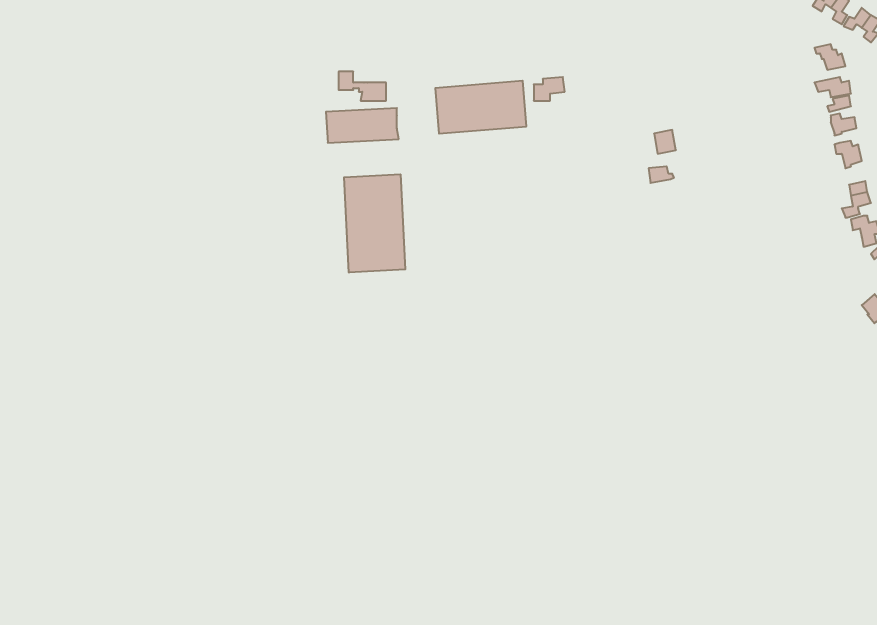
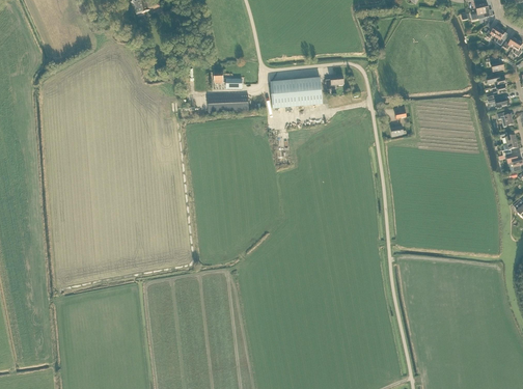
building: [344,174,405,273] -> none

